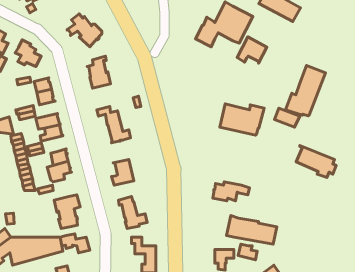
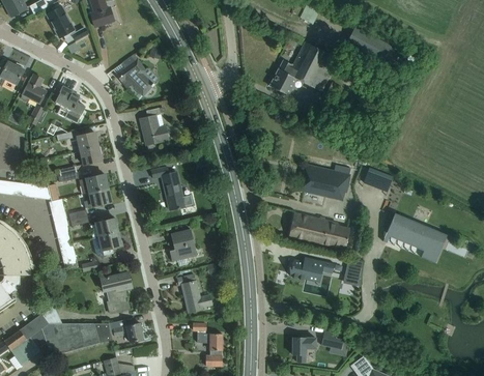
building: [237,37,267,63] -> none
building: [286,66,326,116] -> none
building: [226,215,277,244] -> [289,212,349,247]

